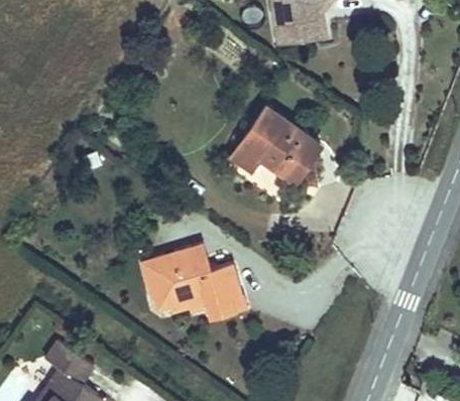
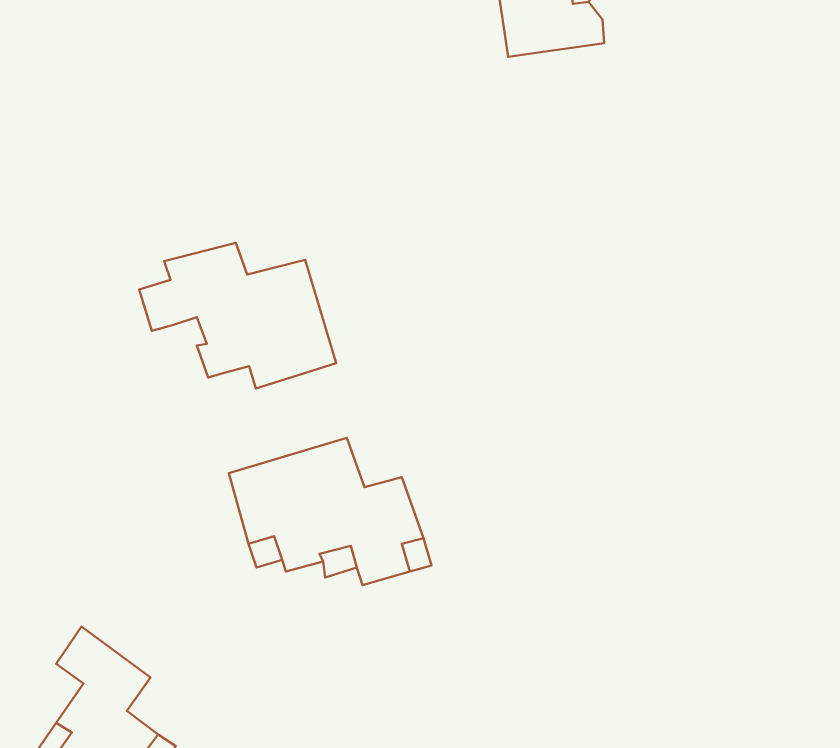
building: [230,110,320,183] -> none
building: none -> [139,243,336,389]

